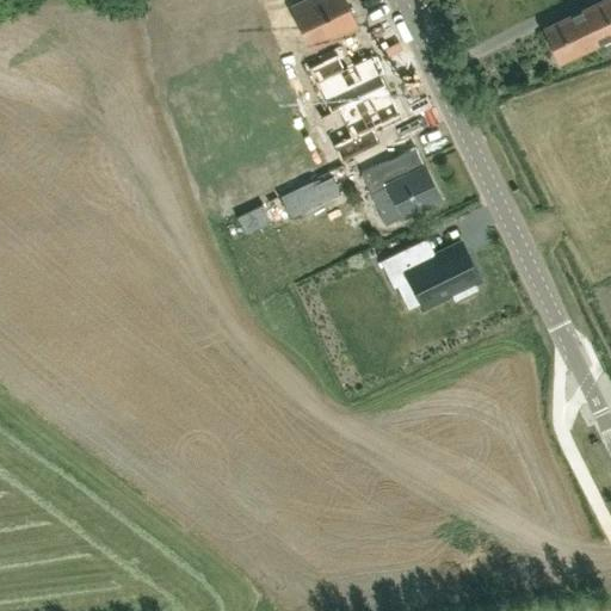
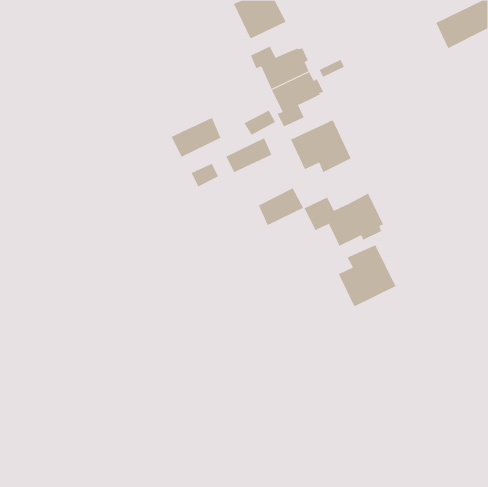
building: none -> [171,117,221,157]
building: none -> [258,188,304,226]
building: none -> [338,244,396,307]

